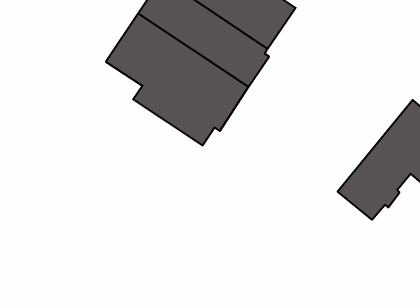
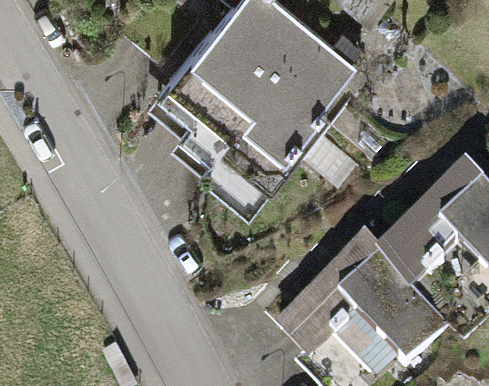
building: none -> [281,234,451,359]

